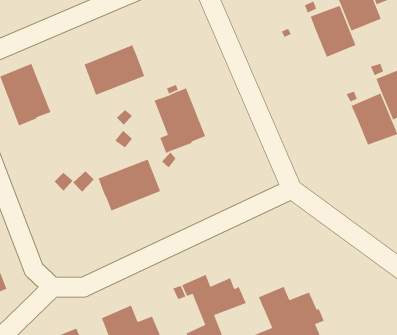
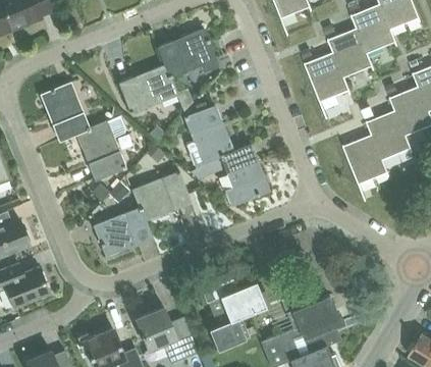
building: none -> [157,29,218,77]
building: none -> [305,52,348,118]
building: none -> [75,116,124,179]
building: none -> [342,135,387,201]
building: none -> [219,144,269,206]
building: none -> [93,207,152,257]

